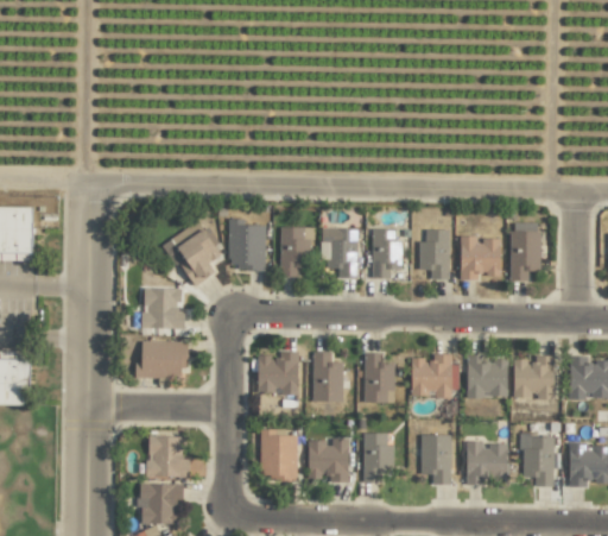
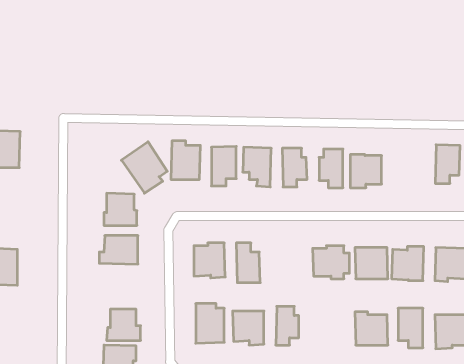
building: [509,231,542,280] -> [435,145,460,183]
building: [363,352,394,403] -> none
building: [420,434,451,485] -> none

